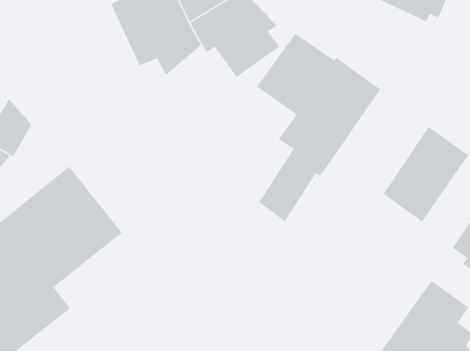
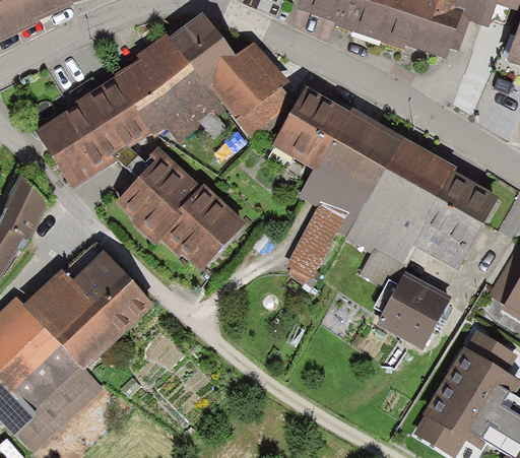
building: none -> [36,76,150,186]
building: none -> [345,135,458,284]
building: none -> [121,157,252,287]
building: none -> [379,272,451,346]

